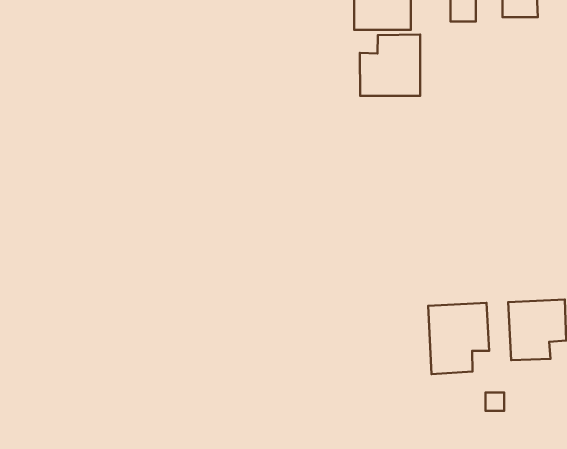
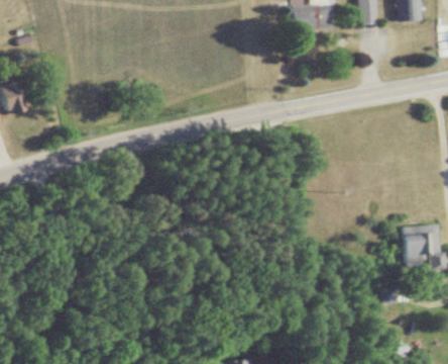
building: [360,34,420,96] -> none
building: [428,303,489,374] -> none

